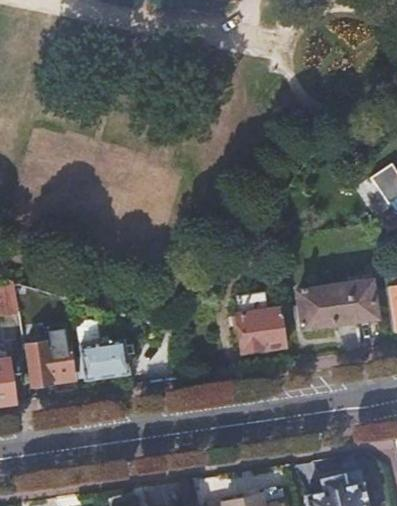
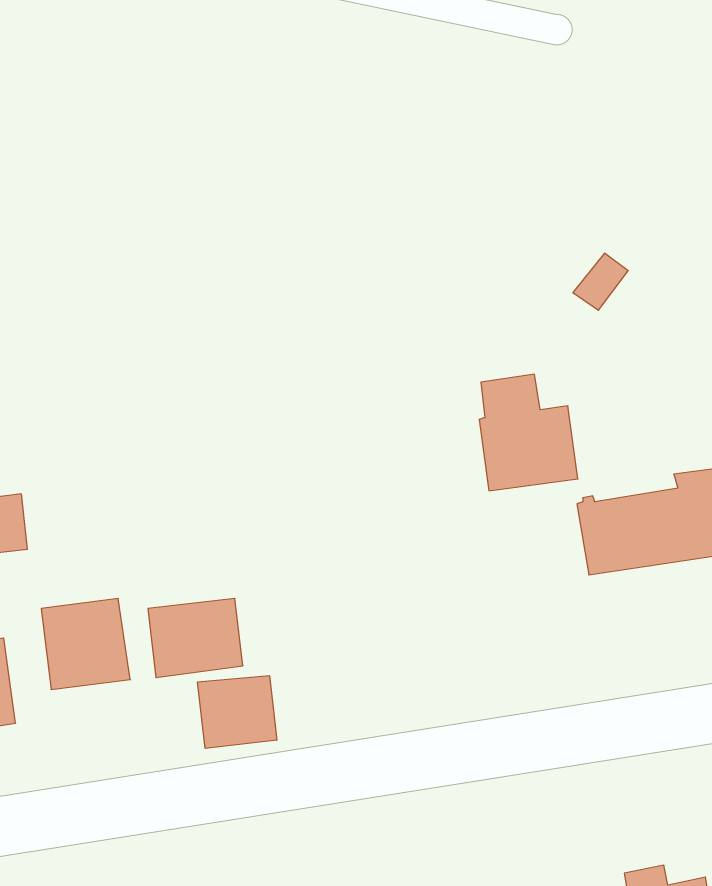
building: [237,294,287,353] -> [479,374,578,491]
building: none -> [198,676,277,748]

